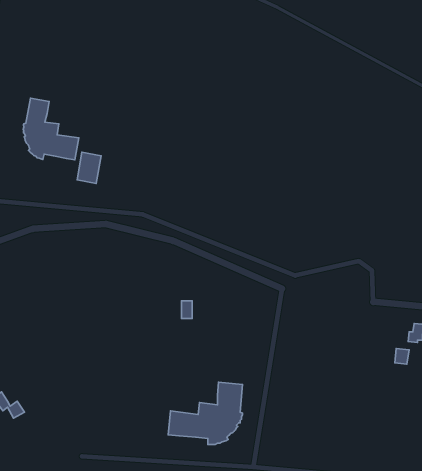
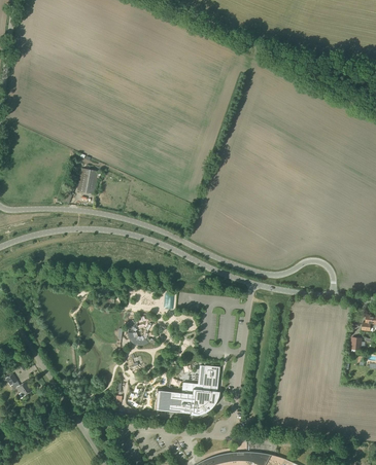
building: [23,98,79,160] -> none

